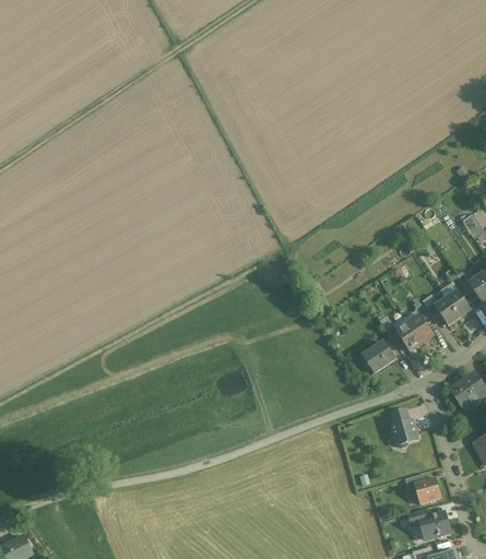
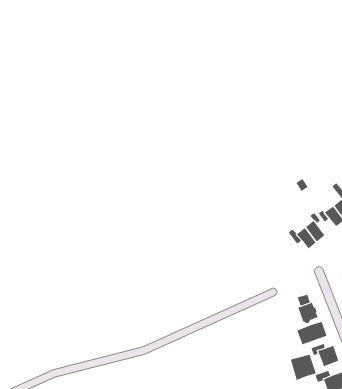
building: [361,341,394,372] -> none
building: none -> [296,321,327,345]
building: none -> [290,354,317,381]

